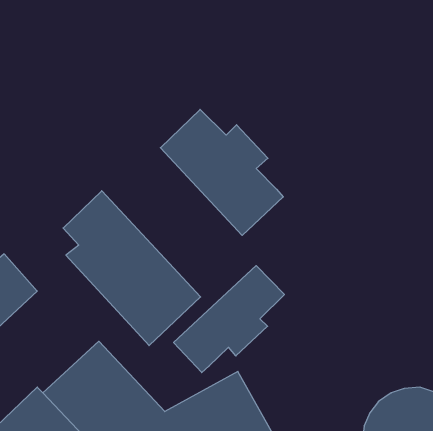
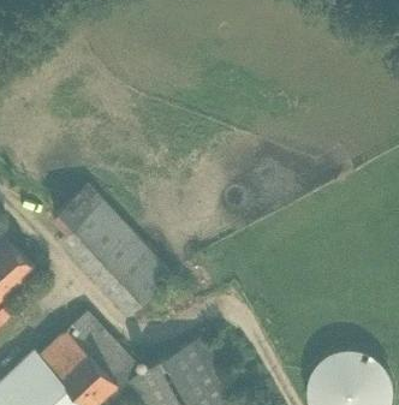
building: [160,109,283,235] -> none
building: [174,266,284,373] -> none

